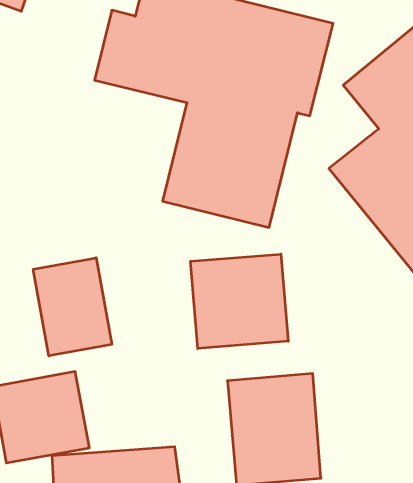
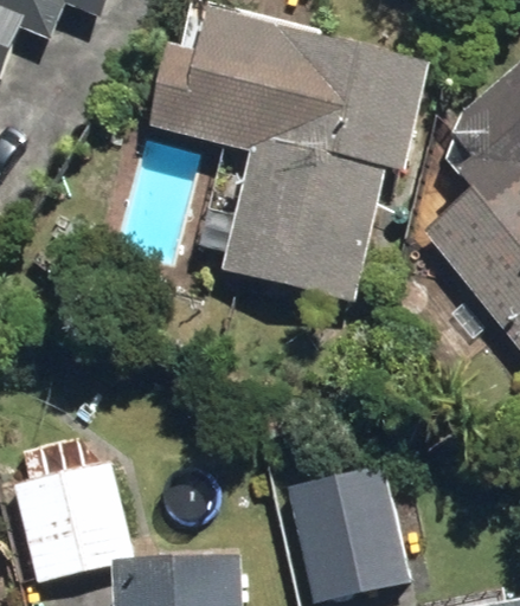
building: [191,254,288,349] -> none
building: [33,258,112,356] -> none

